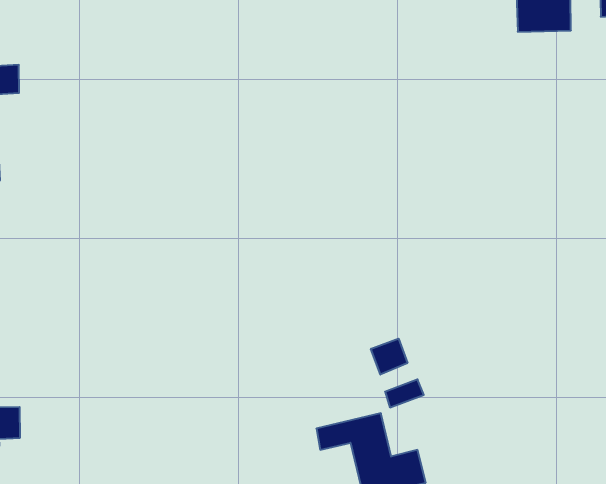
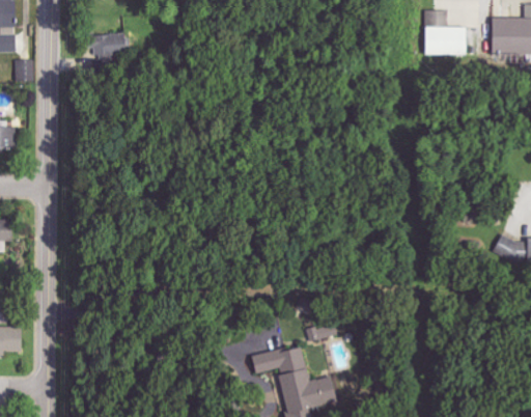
building: none -> [93,31,122,57]
building: [371,339,407,375] -> none

